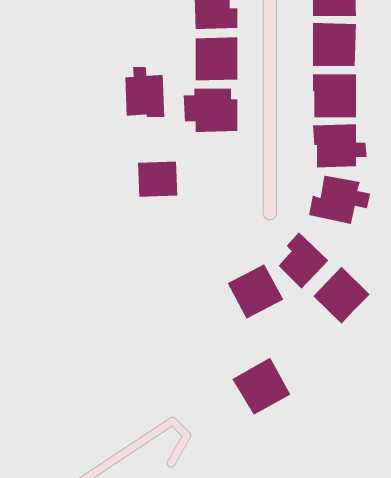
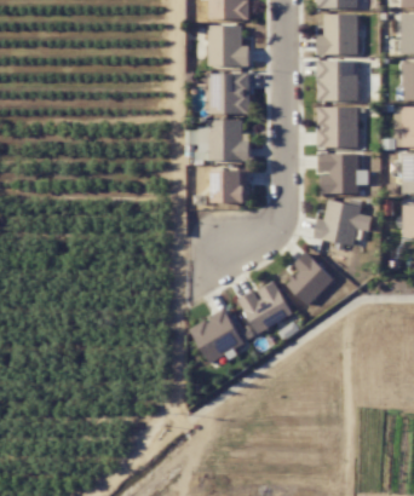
building: [124,66,165,118] -> none
building: [137,161,178,198] -> [212,169,249,203]
building: [312,266,370,325] -> none
building: [231,357,292,416] -> [189,308,245,363]

